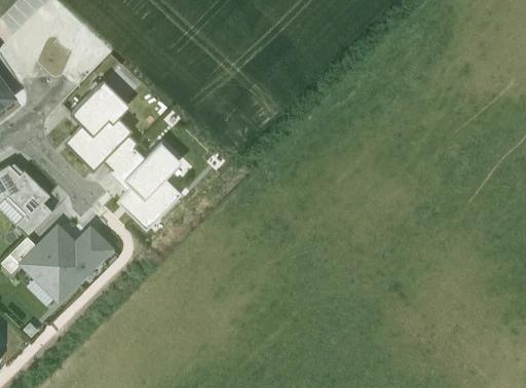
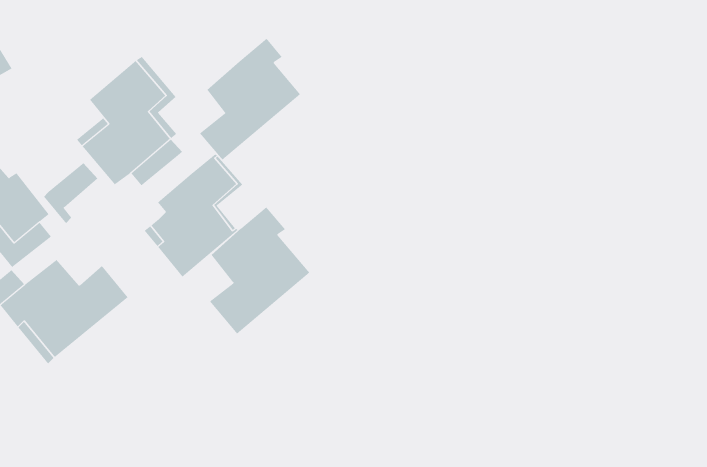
building: none -> [199,38,301,161]
building: [109,148,146,192] -> [43,162,98,224]
building: none -> [209,206,310,334]

